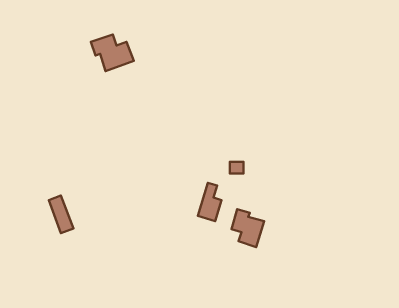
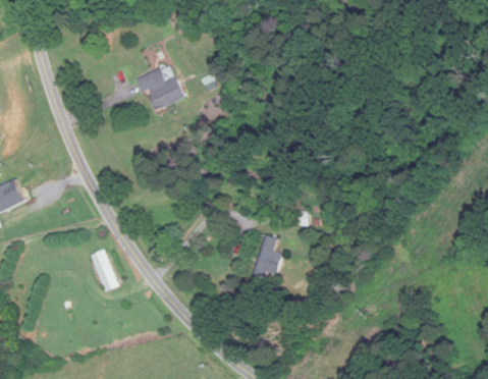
building: [232,209,264,247] -> none

